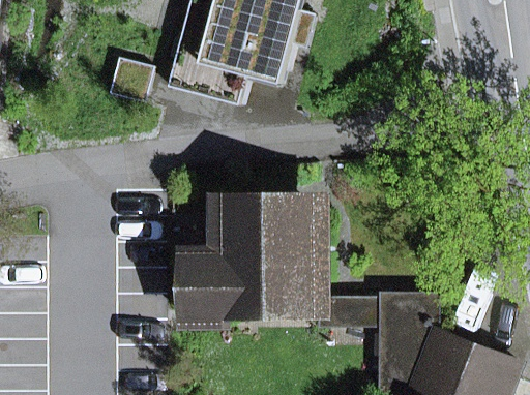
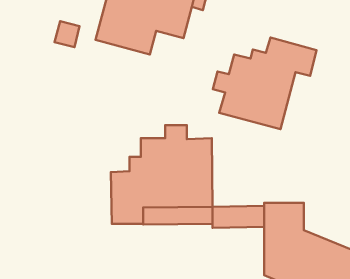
building: none -> [213,38,317,129]

